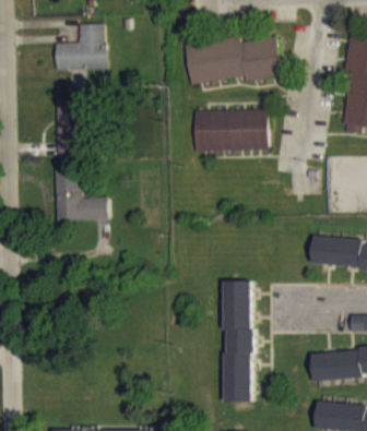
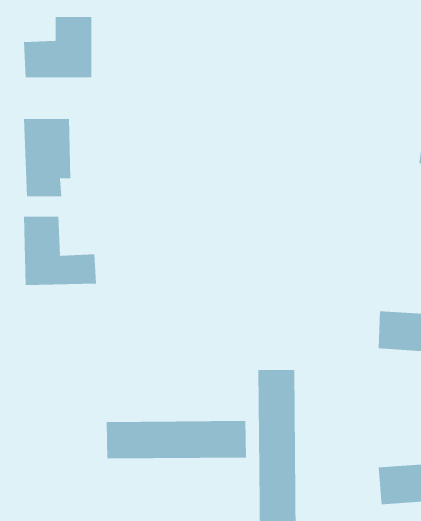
building: [183,36,280,85] -> none
building: [193,110,267,152] -> none
building: none -> [106,420,246,459]

